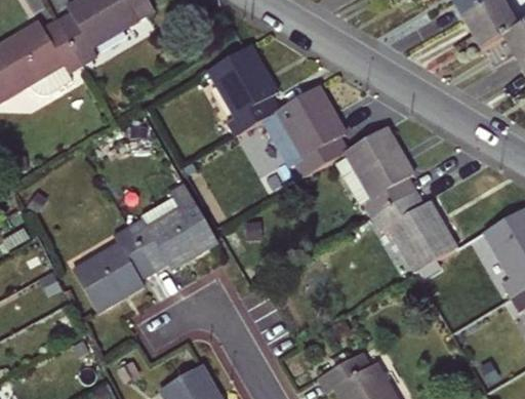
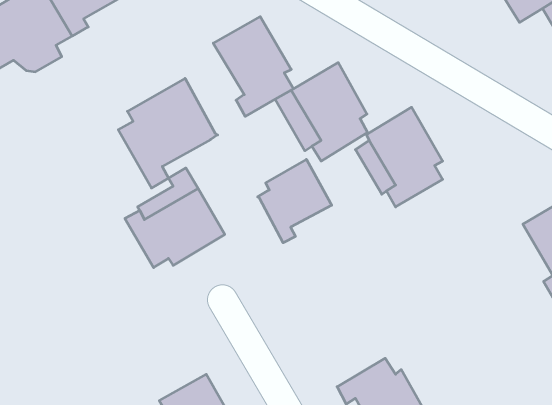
building: none -> [118,78,218,188]
building: none -> [258,159,332,243]
building: [371,191,456,272] -> none
building: [74,226,155,312] -> none

